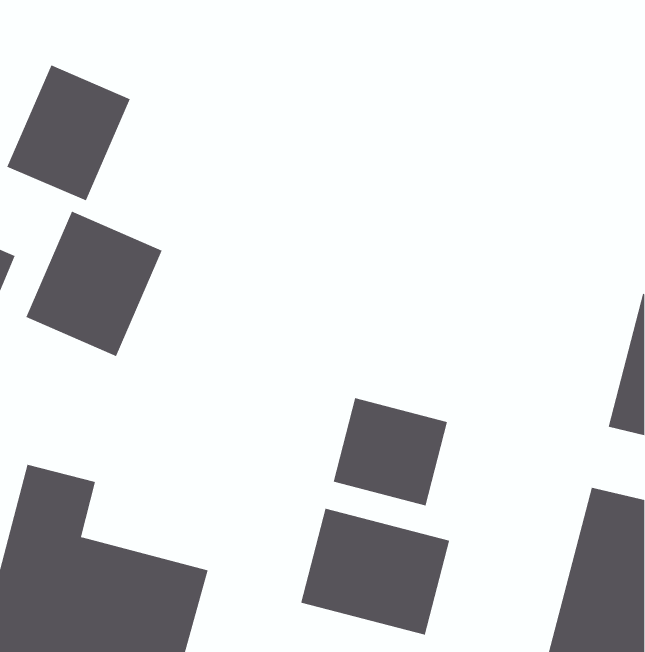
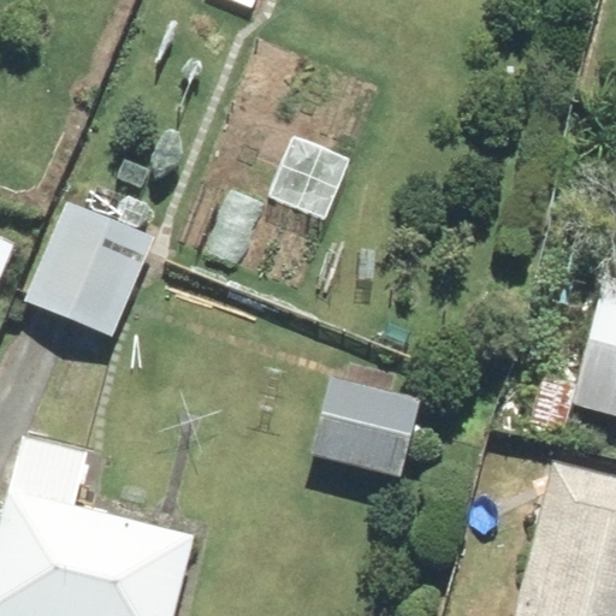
building: [7,65,131,201] -> none
building: [301,508,450,636] -> none

